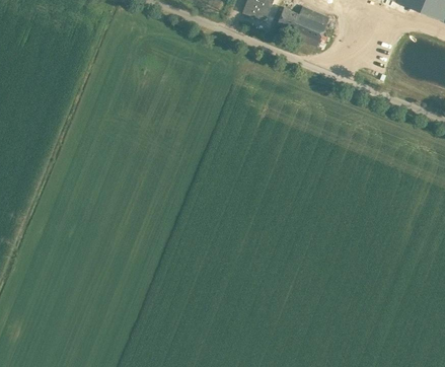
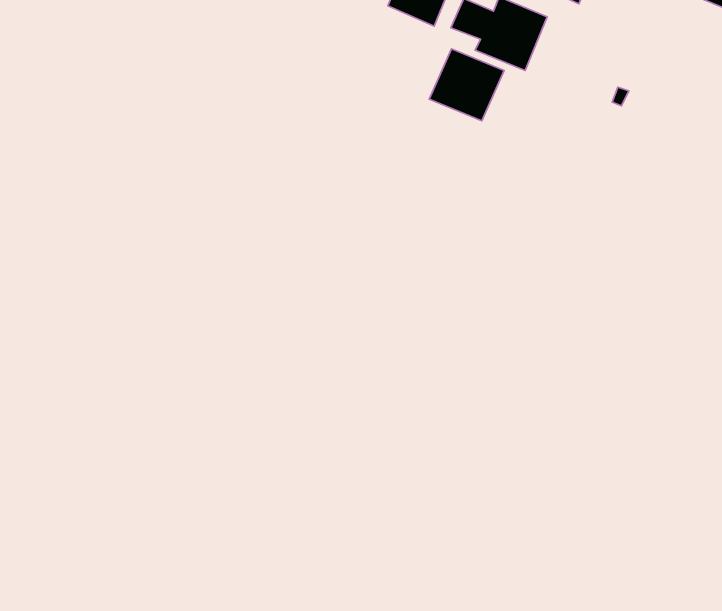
building: none -> [429,49,504,121]

